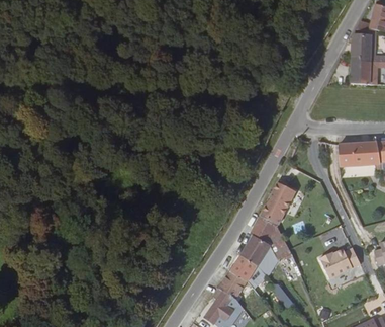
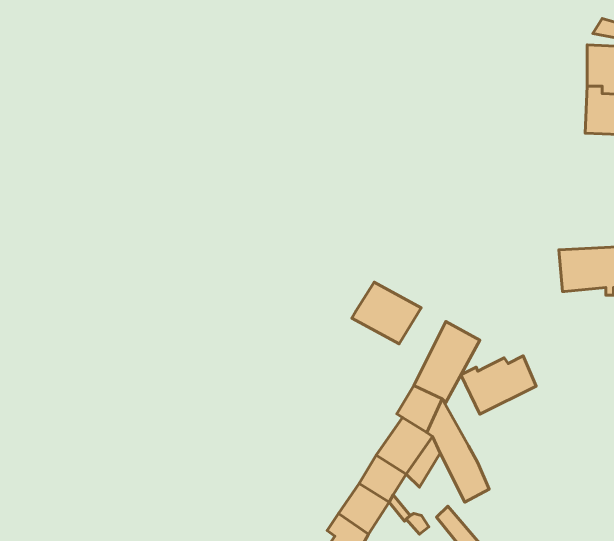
building: none -> [352,282,421,344]
building: [319,248,360,279] -> [461,356,536,414]

